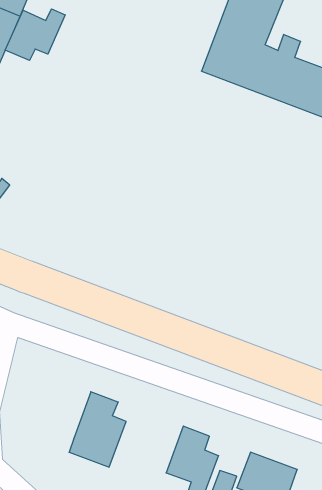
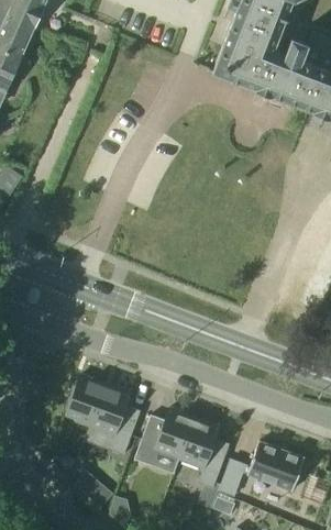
building: [5,9,65,60] -> none
building: none -> [64,373,106,428]
building: none -> [141,407,195,461]

